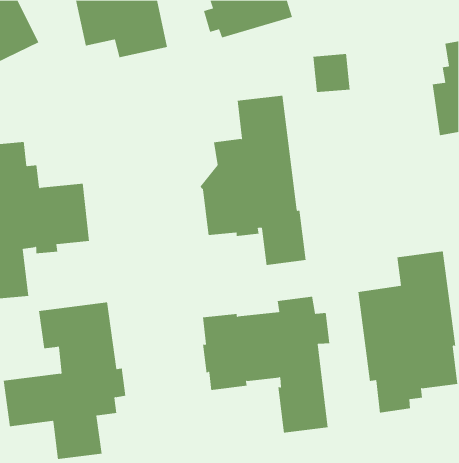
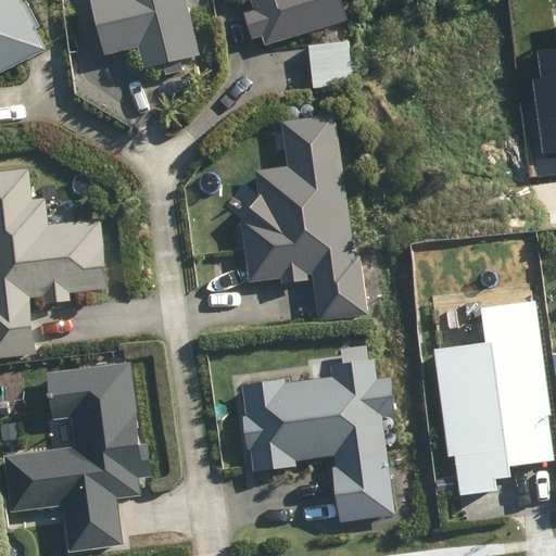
building: [312,54,351,93] -> [308,41,354,88]

